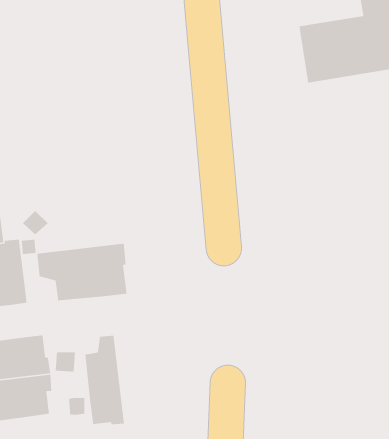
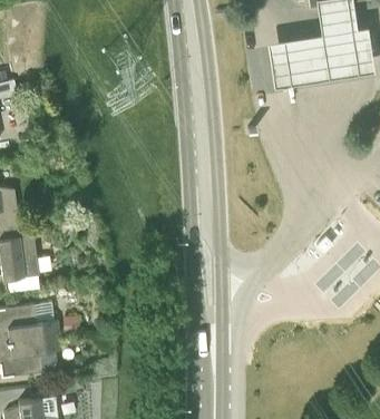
building: [37,243,127,301] -> none
building: [85,335,125,425] -> none

